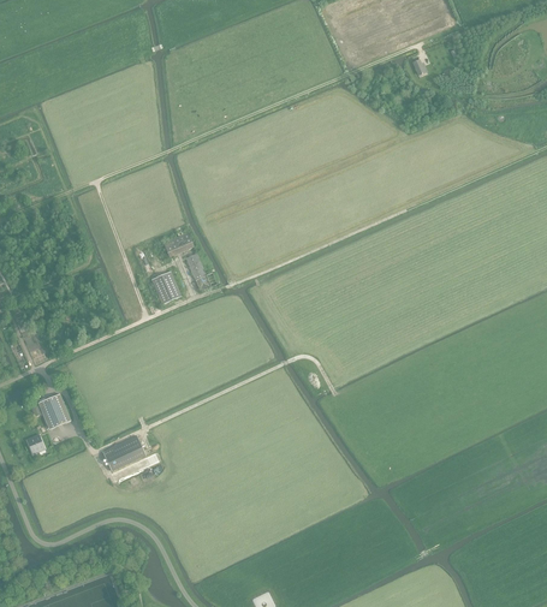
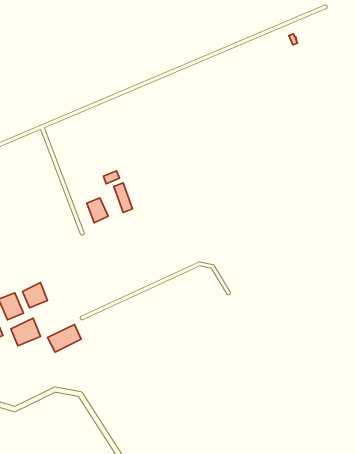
building: none -> [22,283,47,308]
building: none -> [11,318,40,346]

